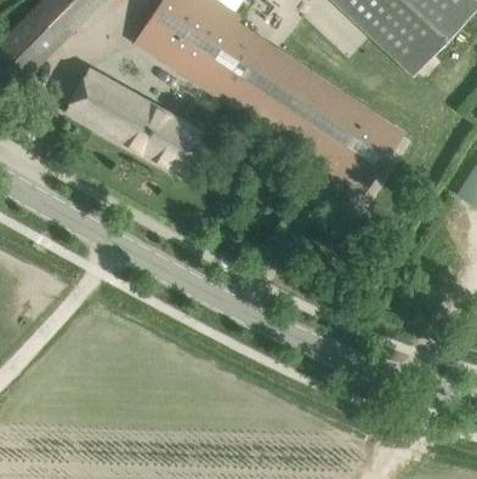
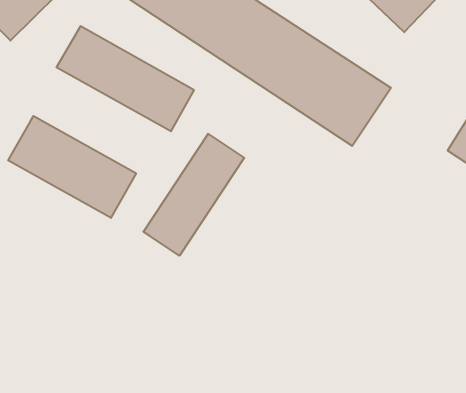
building: none -> [8,116,136,218]
building: none -> [143,134,244,256]

